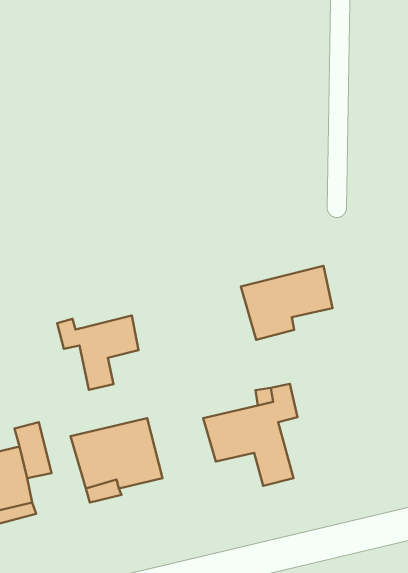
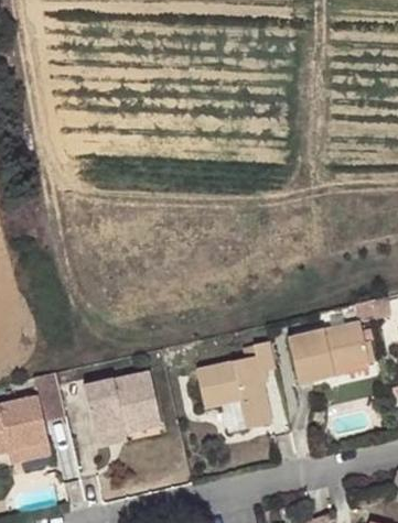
building: [241,266,333,340] -> [287,324,366,388]
building: [57,316,138,390] -> none

